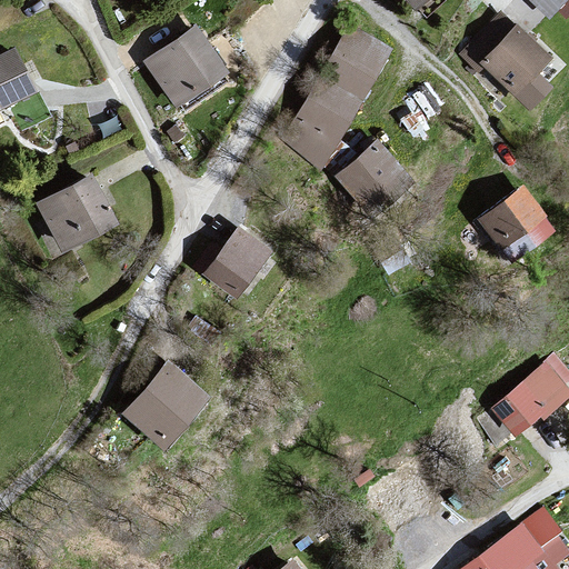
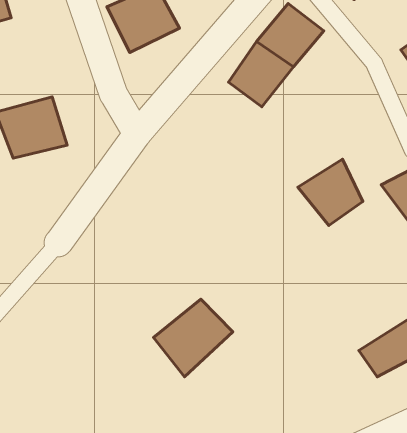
building: [333,139,410,217] -> [298,159,363,226]
building: [206,226,273,300] -> none
building: [128,360,217,451] -> [154,299,233,377]

